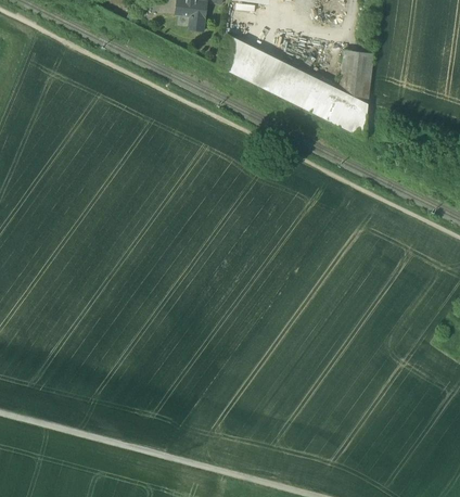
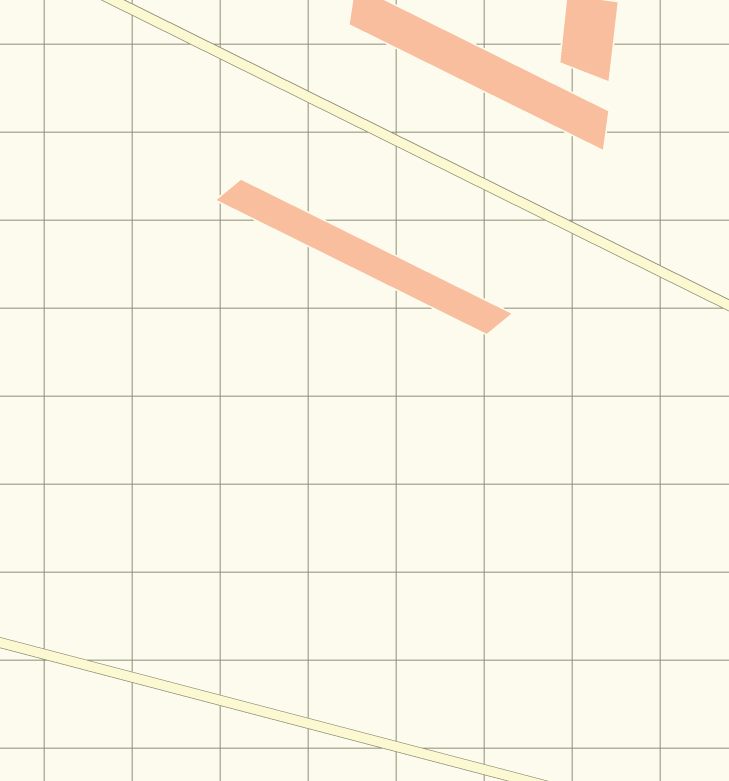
building: none -> [215,179,513,335]

